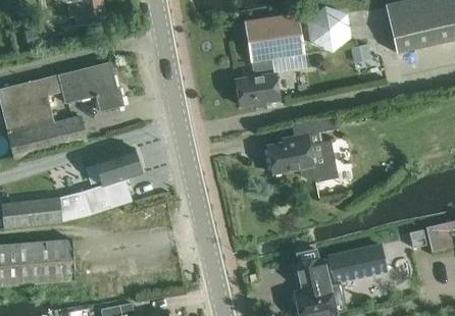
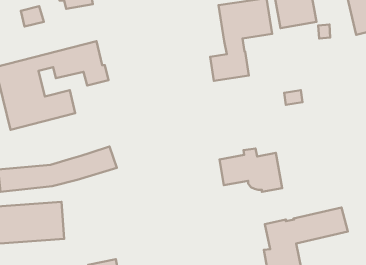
building: [267,133,337,180] -> [219,148,282,192]
building: [95,147,142,185] -> none

